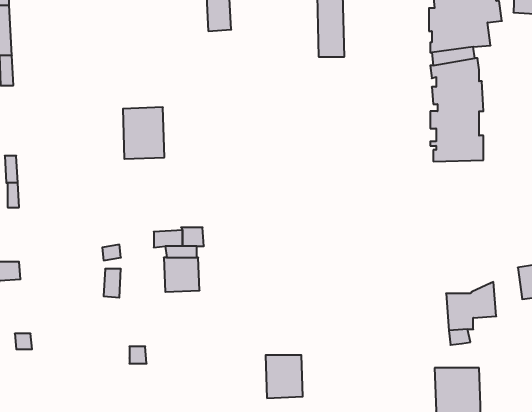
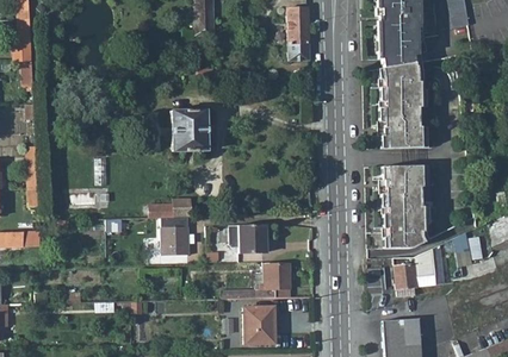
building: [123,107,164,159] -> [172,111,206,154]
building: none -> [382,164,426,248]
building: none -> [228,225,266,252]
building: none -> [222,263,290,299]

